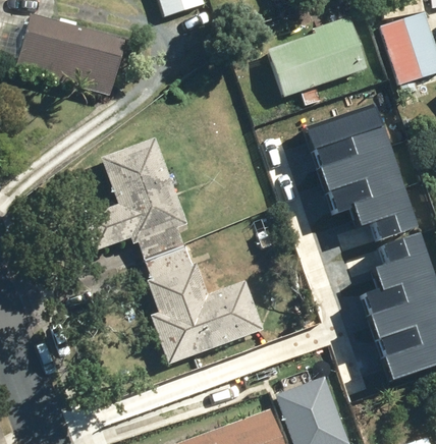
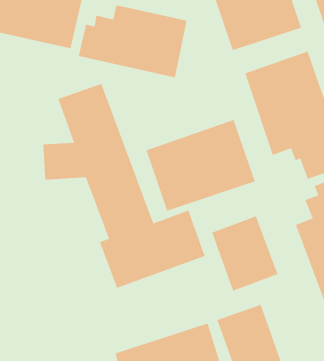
building: none -> [78,5,187,78]
building: none -> [146,119,256,212]
building: none -> [211,216,278,291]

